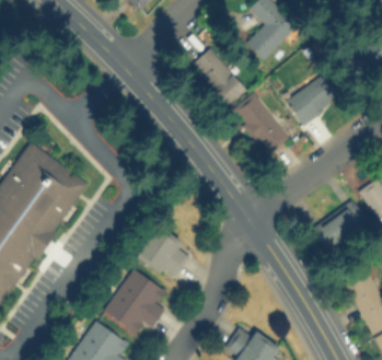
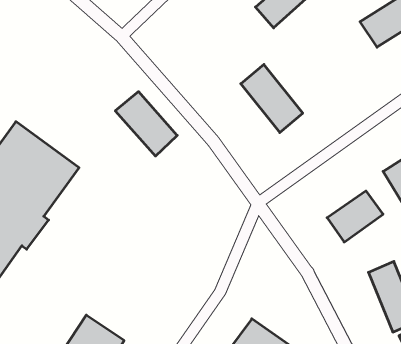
building: [190,47,246,105] -> [115,92,177,156]
building: [286,74,338,126] -> none
building: [138,227,193,278] -> none
building: [103,267,166,333] -> none

